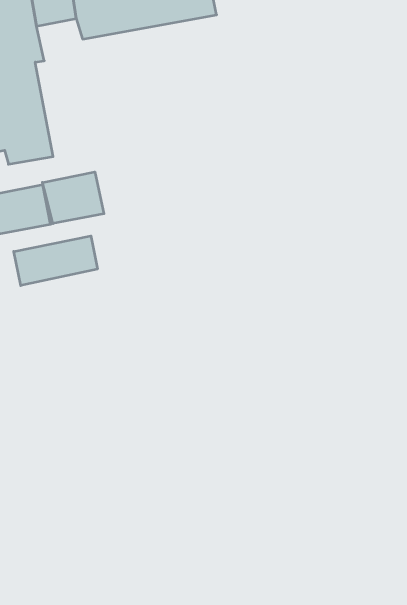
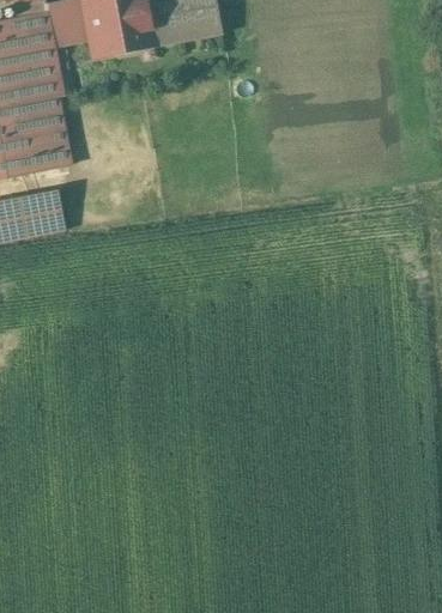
building: [42,172,104,224] -> none
building: [14,236,97,286] -> none

